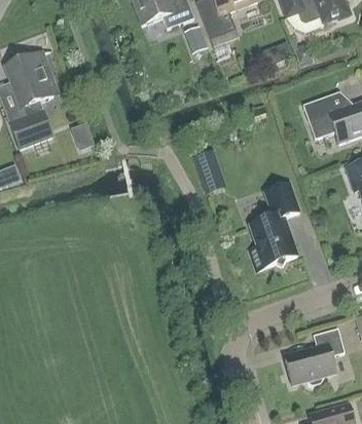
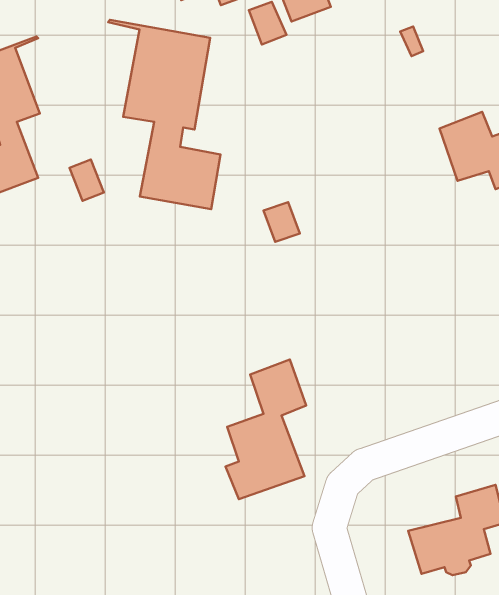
building: none -> [108,20,221,209]
building: [248,181,298,268] -> [226,360,306,499]

